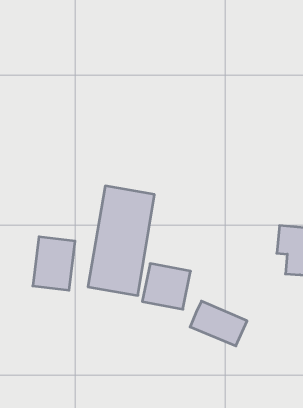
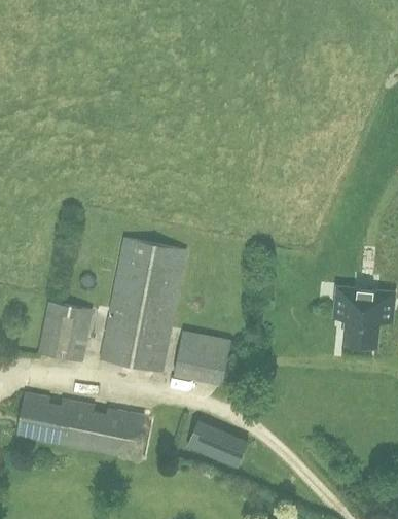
building: [190,301,247,346] -> [181,417,249,471]
building: none -> [13,392,144,460]

